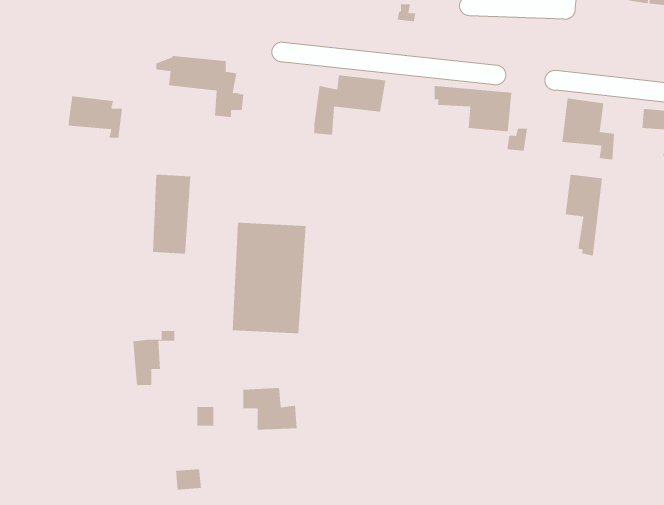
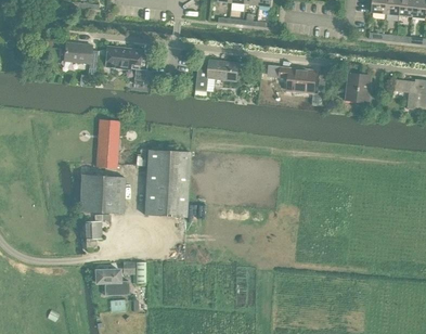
building: [68,96,123,138] -> [63,41,96,67]
building: [565,174,603,256] -> none
building: none -> [78,172,124,213]
building: [243,388,298,430] -> [94,268,128,294]

